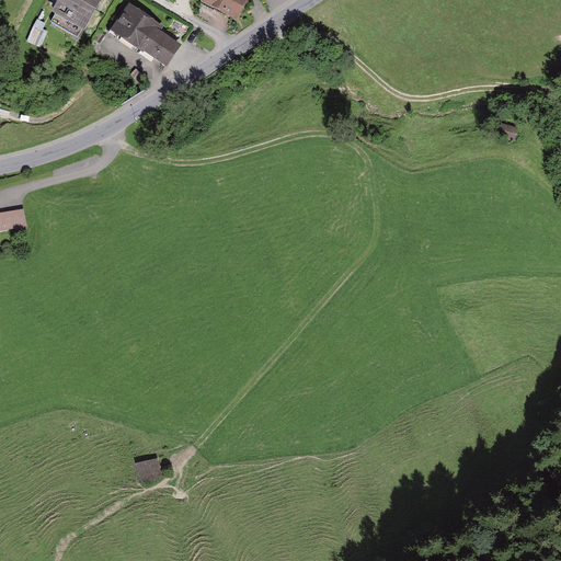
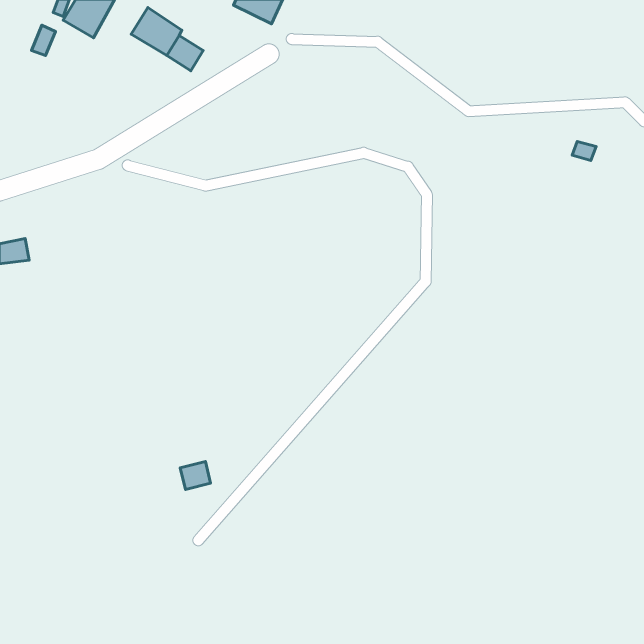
building: [135,457,161,481] -> [180,462,211,489]

